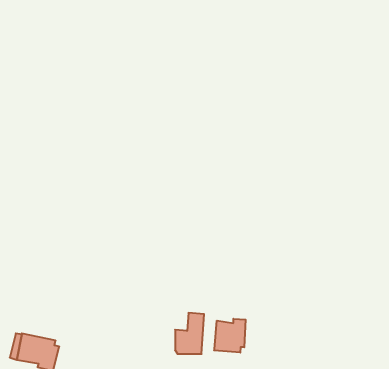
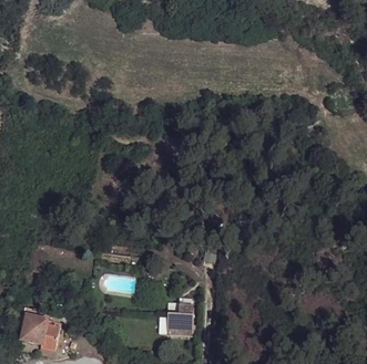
building: [214,319,246,353] -> none

